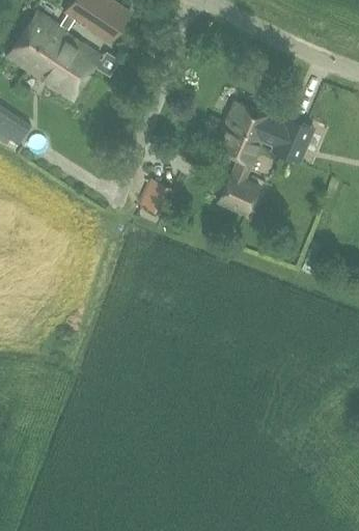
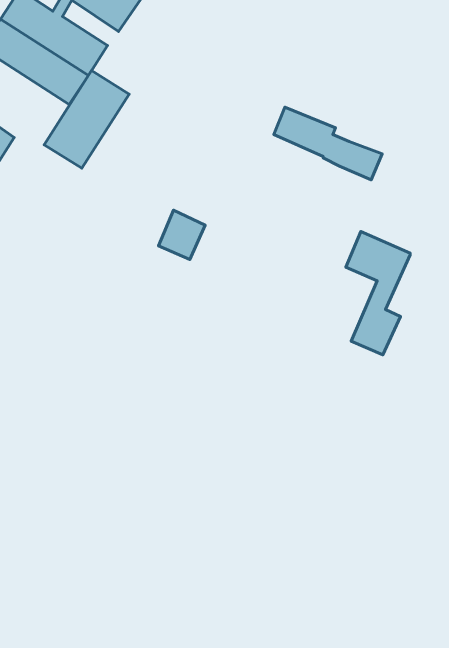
building: none -> [44,71,129,168]
building: [214,121,263,215] -> [346,231,410,355]

